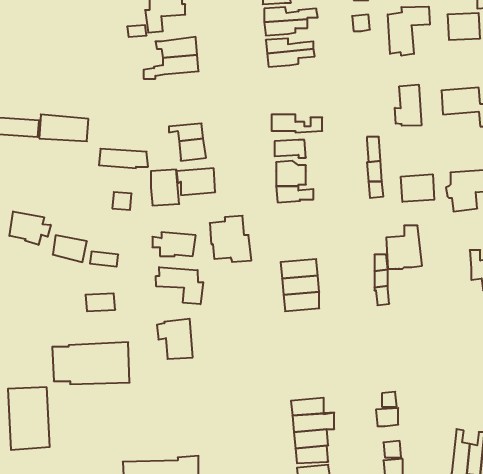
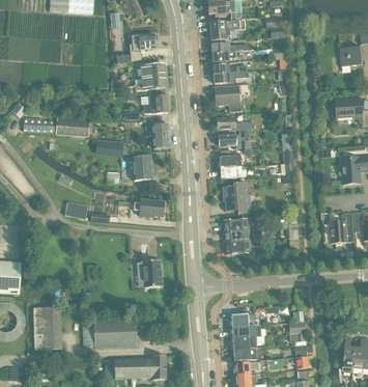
building: [388,7,430,56] -> none
building: none -> [215,85,240,111]
building: [395,85,421,126] -> none
building: [176,168,215,195] -> [140,93,167,112]
building: [401,174,434,202] -> none
building: [9,211,51,245] -> none
building: [210,216,251,262] -> [222,181,251,213]
building: [386,226,422,269] -> [330,212,355,242]
building: [156,267,203,304] -> none
building: [52,342,130,384] -> [82,317,136,347]

